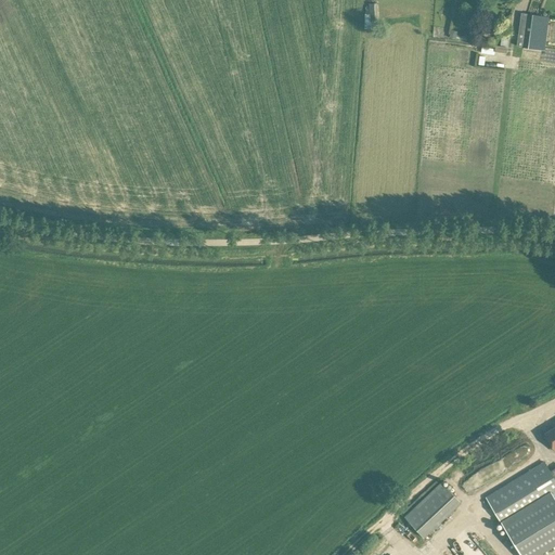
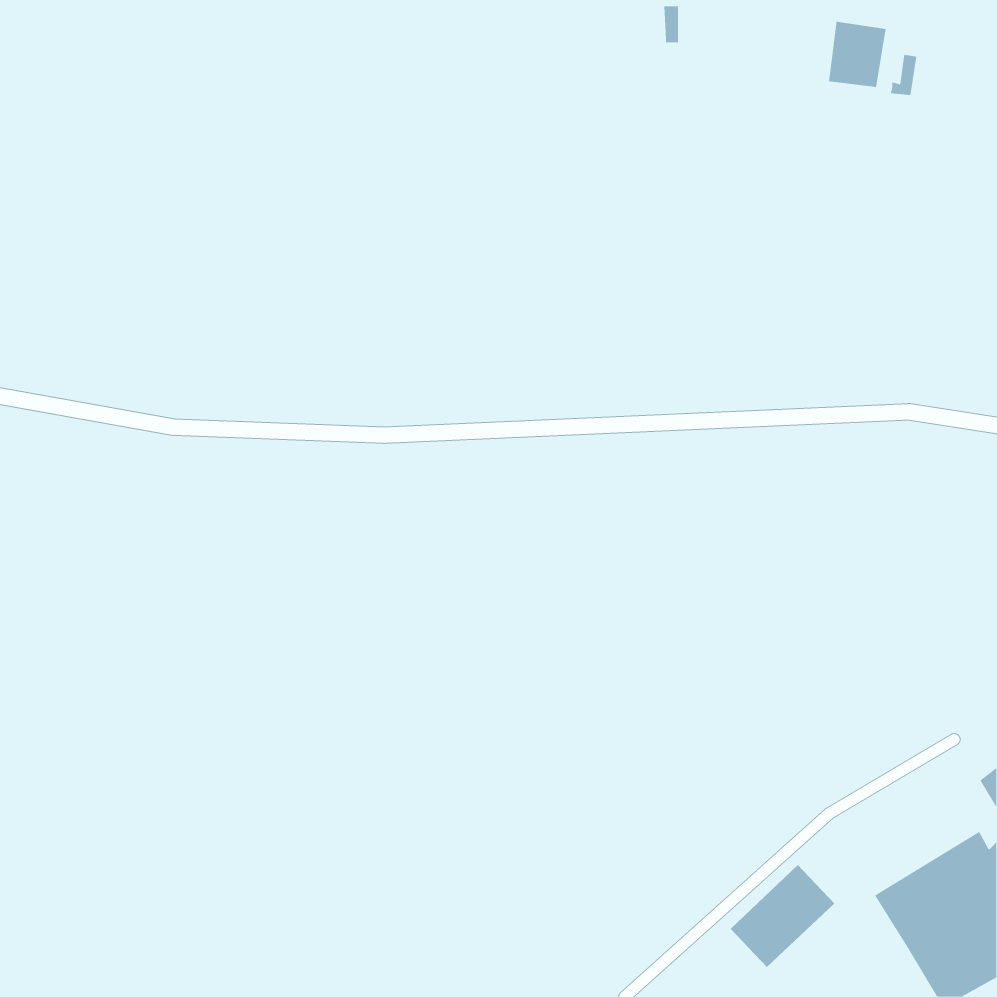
building: [517,13,550,50] -> [828,21,887,88]

